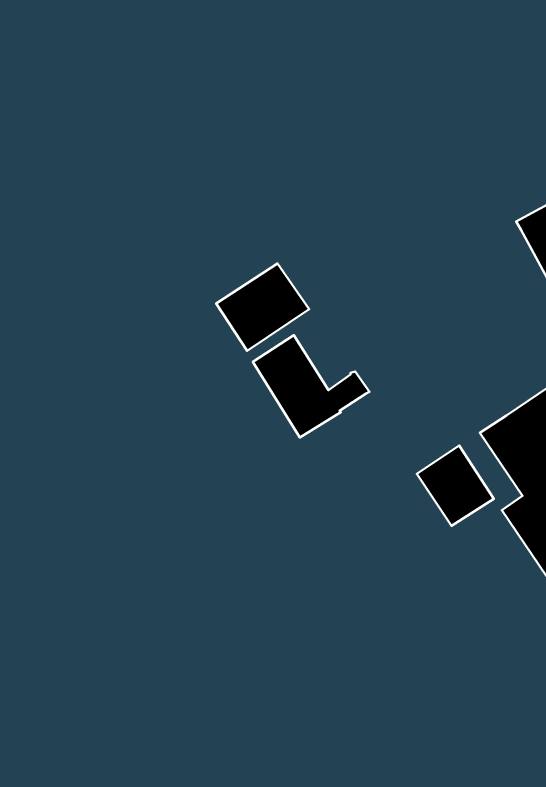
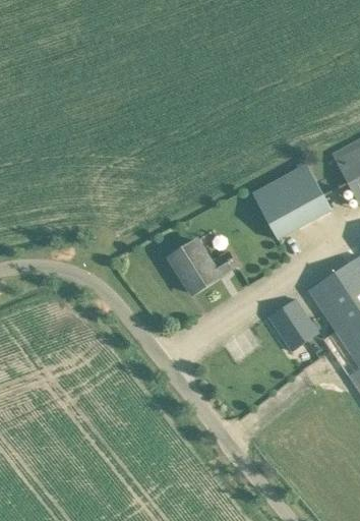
building: none -> [254,164,333,239]
building: [216,264,309,351] -> none

